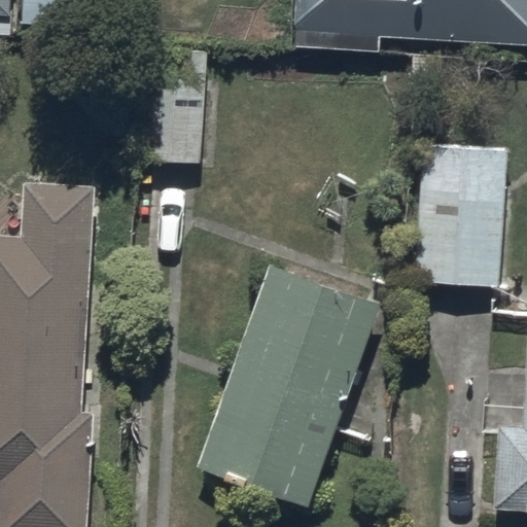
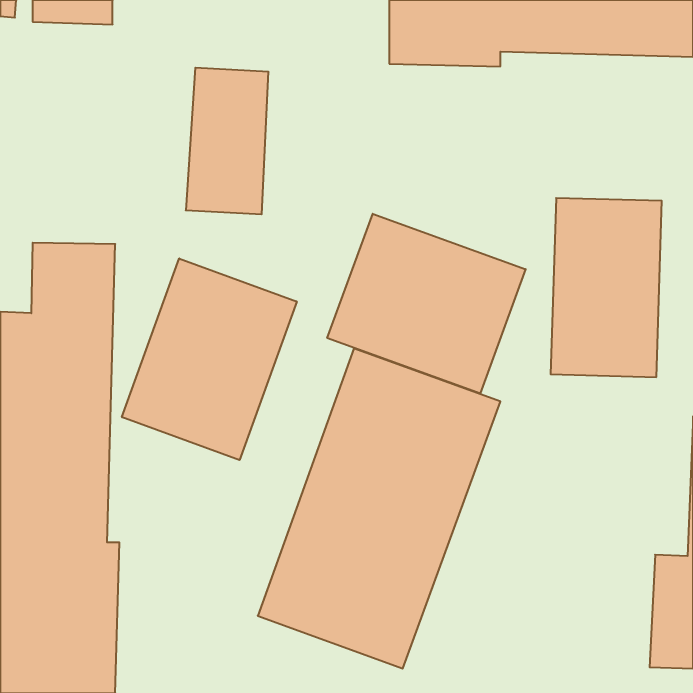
building: none -> [327,214,526,393]
building: none -> [122,258,297,460]

